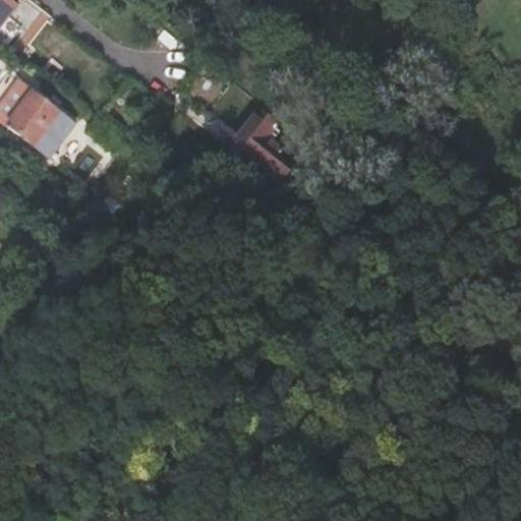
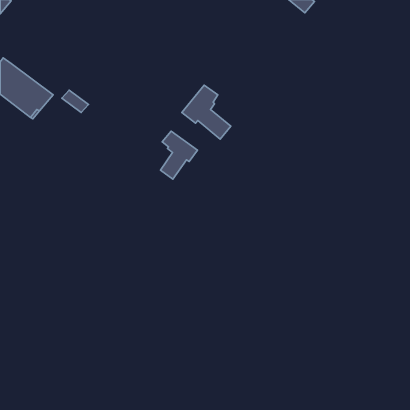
building: none -> [160,131,198,179]

